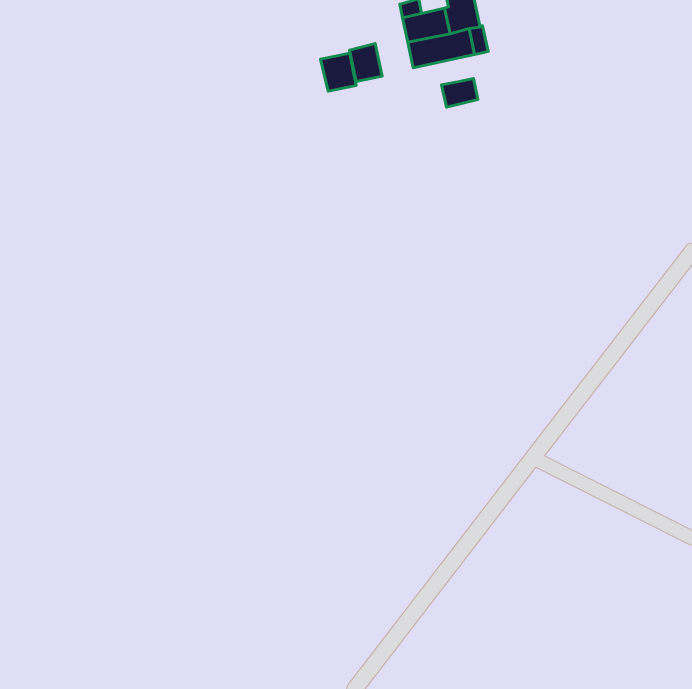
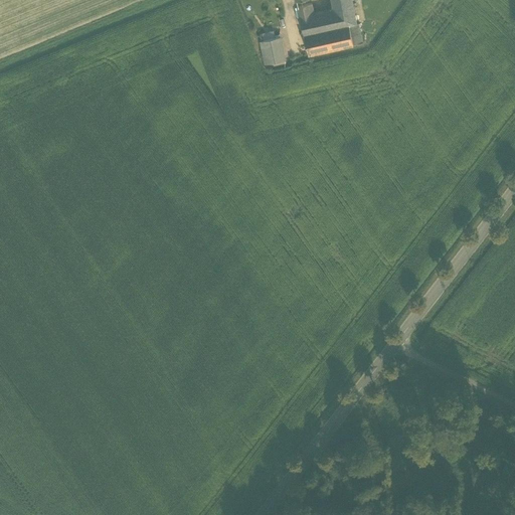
building: [321,53,356,91] -> none
building: [442,78,478,107] -> none

